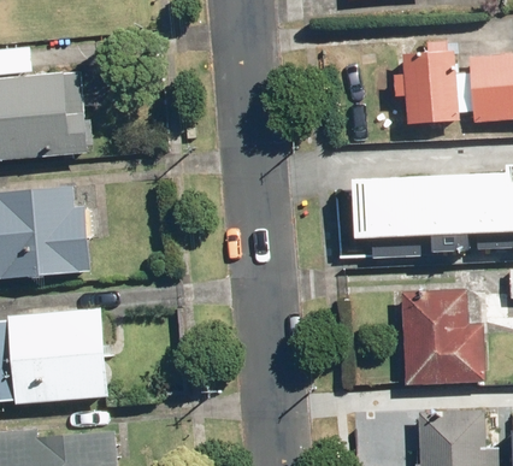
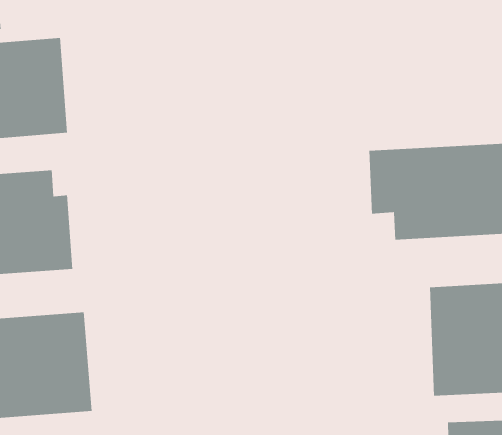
building: [401,51,459,124] -> none

